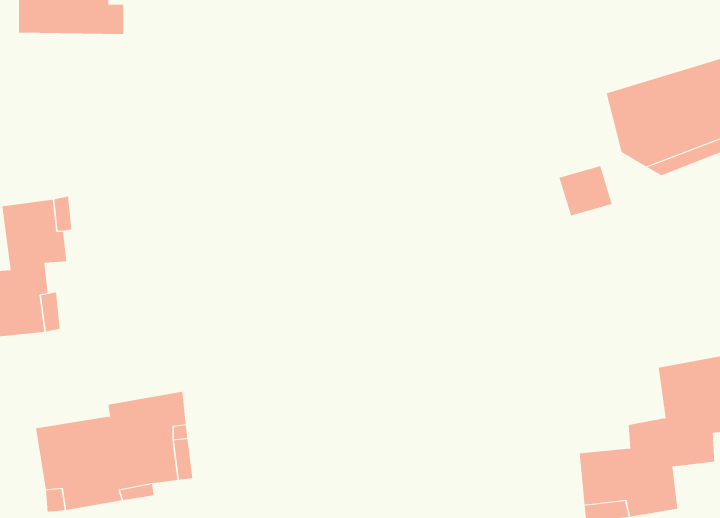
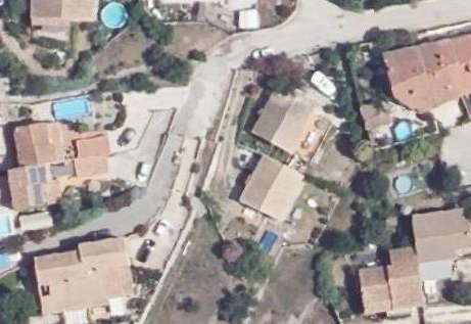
building: none -> [250,89,315,154]
building: none -> [73,137,107,178]
building: none -> [239,159,301,223]

